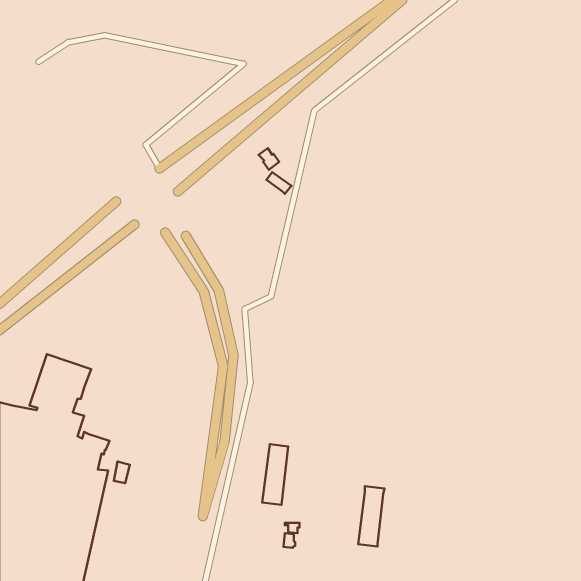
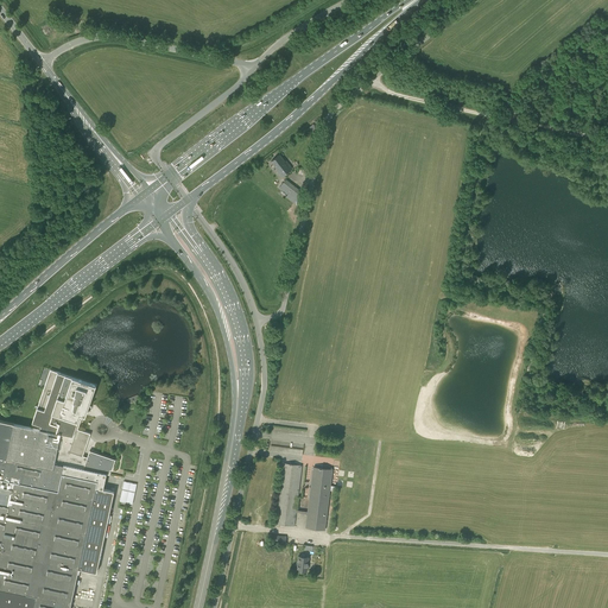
building: [358,486,384,547] -> [304,468,331,531]

